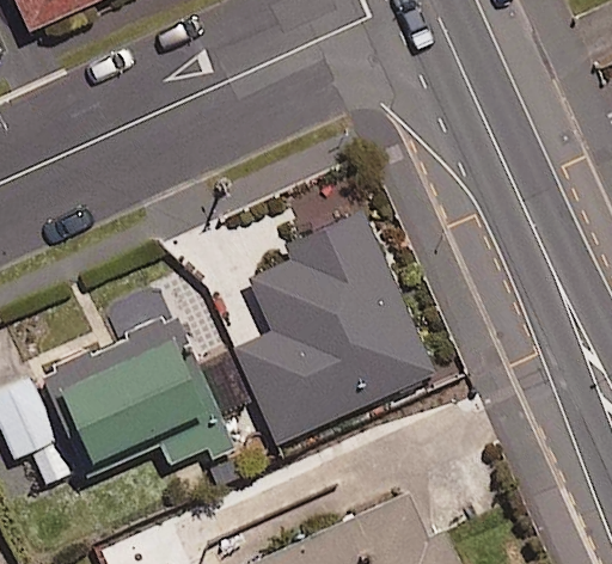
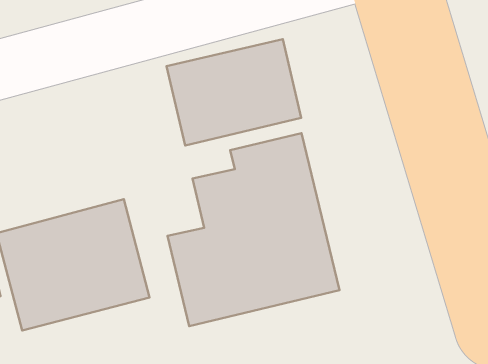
building: none -> [166,39,301,146]

